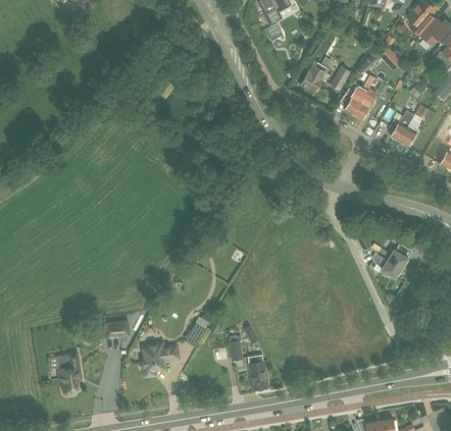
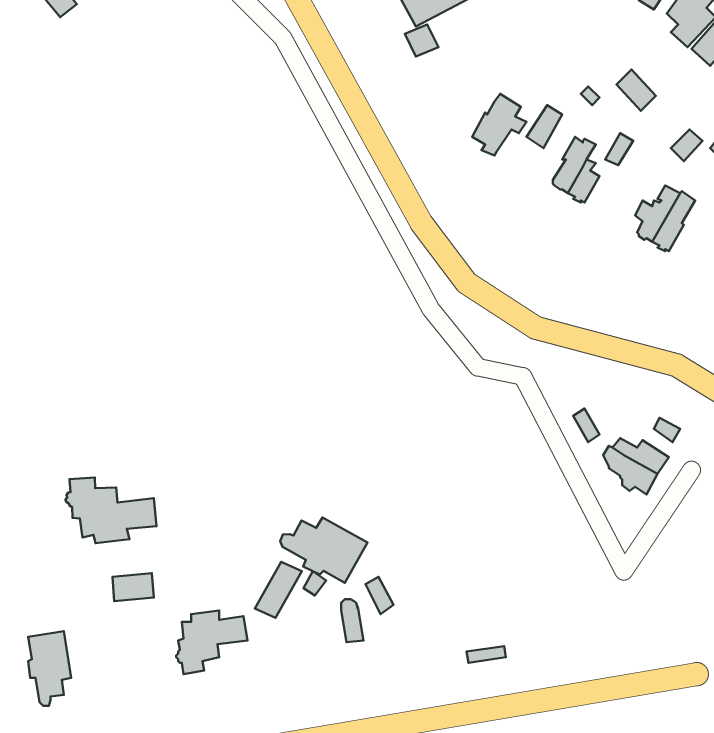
building: none -> [66,477,157,543]
building: none -> [280,517,367,583]
building: [248,354,267,388] -> none

